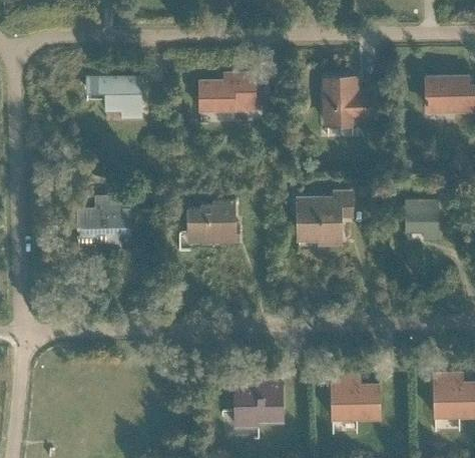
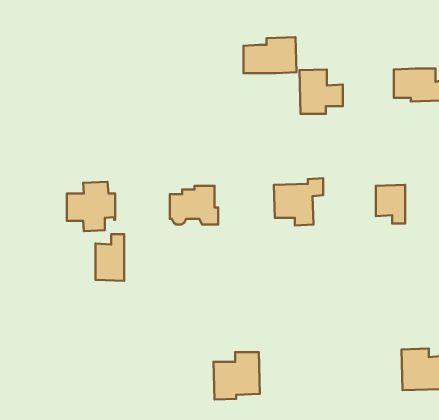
building: [199,72,256,110] -> [244,37,297,73]
building: [86,76,141,118] -> none
building: none -> [96,234,124,281]
building: [331,375,380,420] -> none

